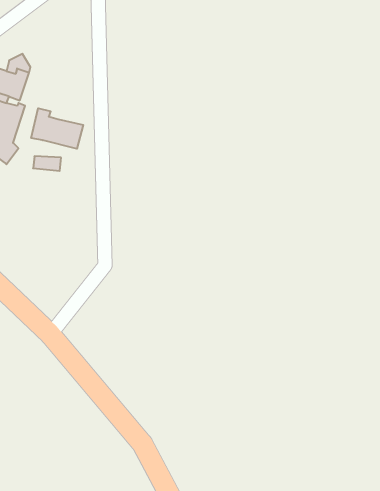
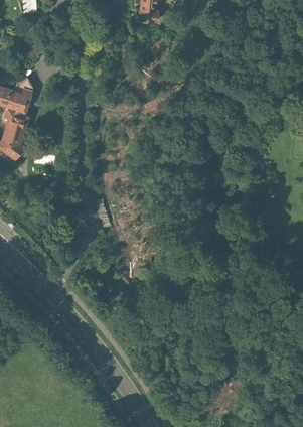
building: [31,108,83,149] -> none

